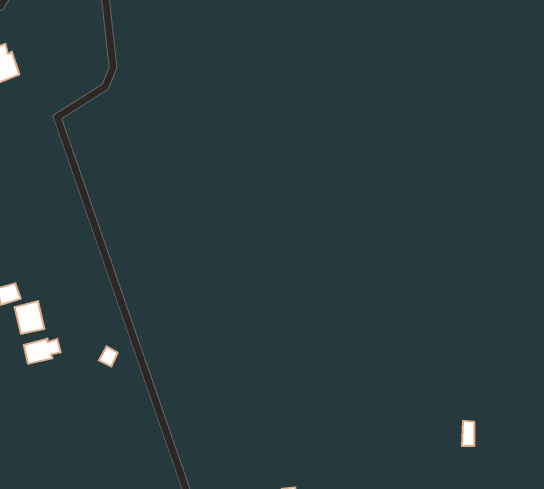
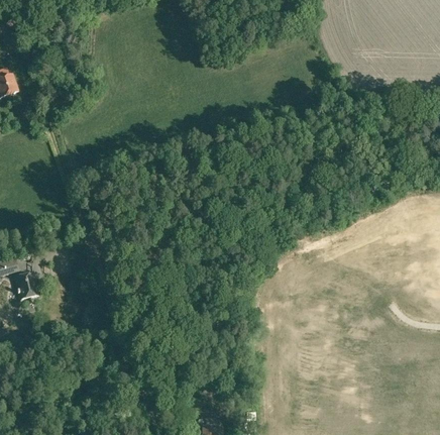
building: [24,338,60,364] -> none

